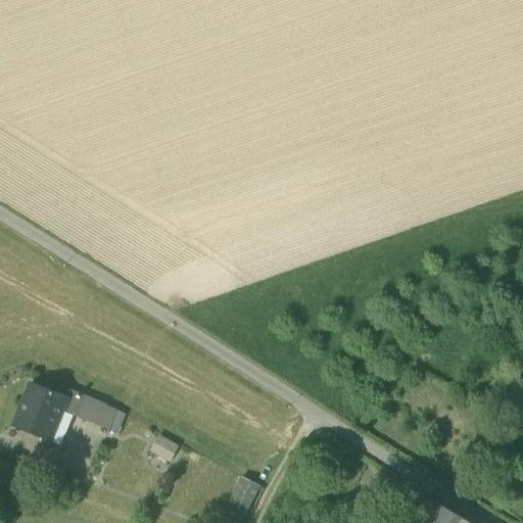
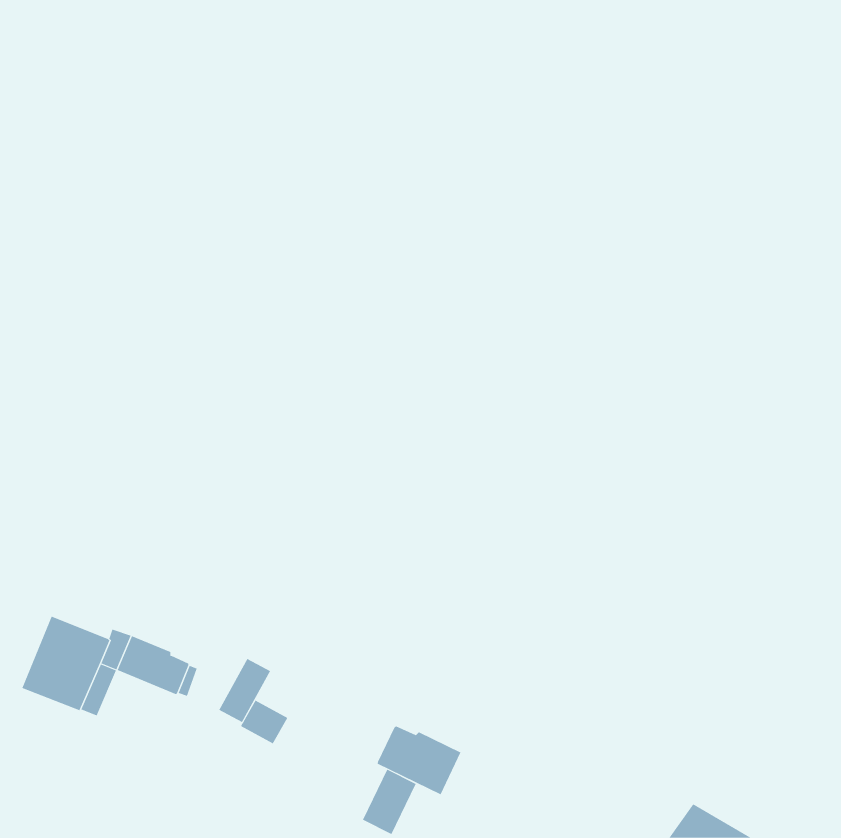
building: none -> [218,658,271,723]
building: none -> [377,726,461,795]

